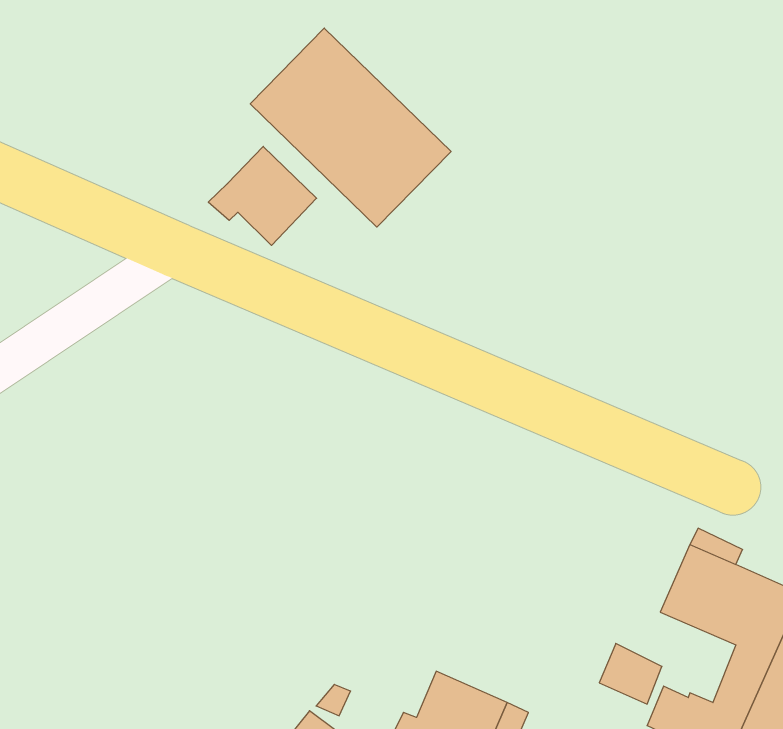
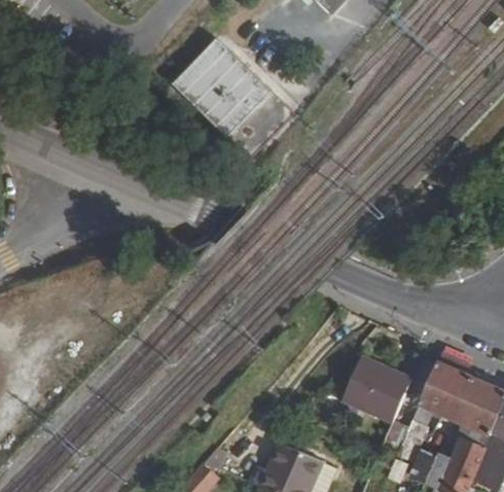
building: [208,146,317,245] -> none
building: none -> [345,353,412,418]

